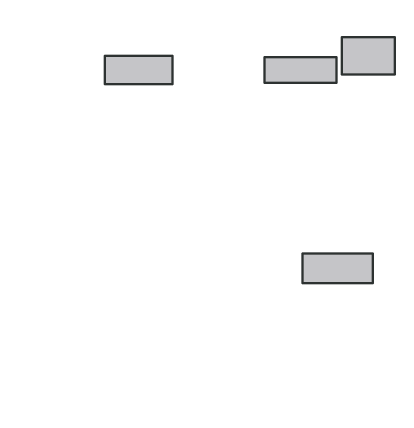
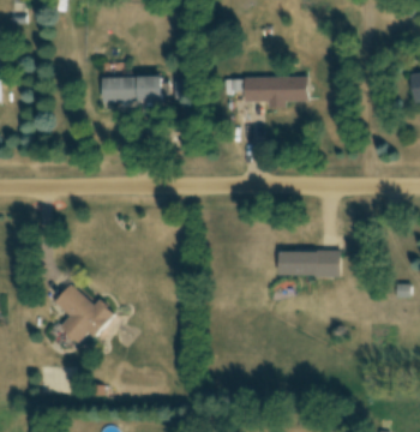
building: [342,37,395,74] -> none
building: none -> [54,284,115,344]

